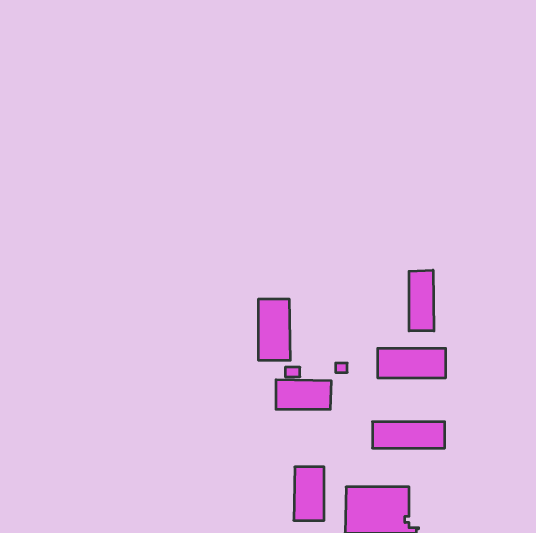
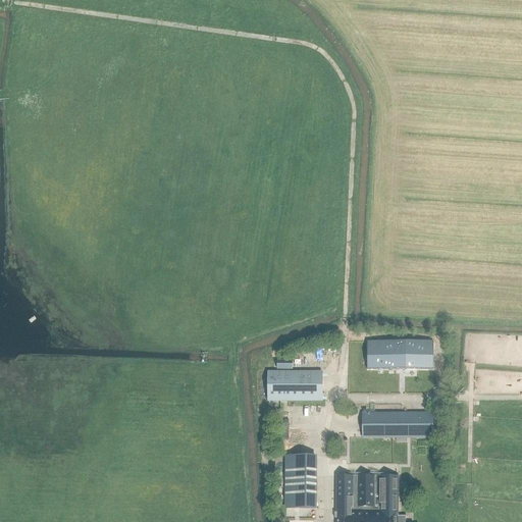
building: [409,270,434,331] -> none
building: [259,299,290,360] -> none

